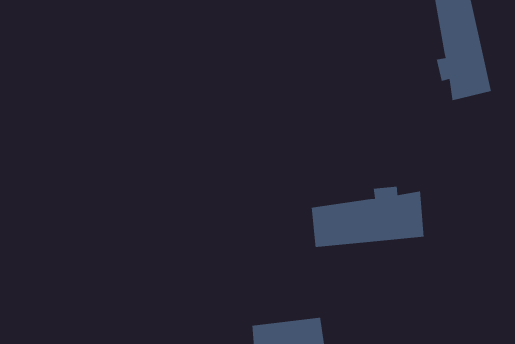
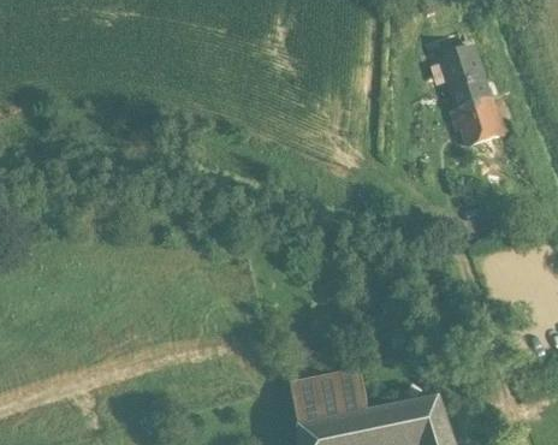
building: [311,186,424,248] -> none

